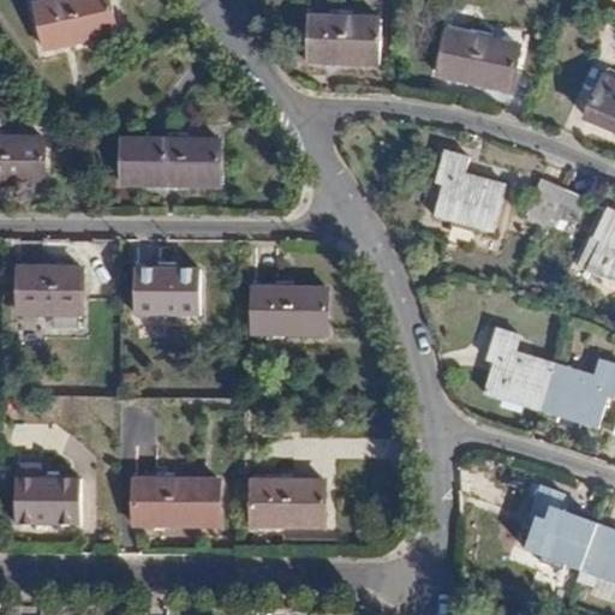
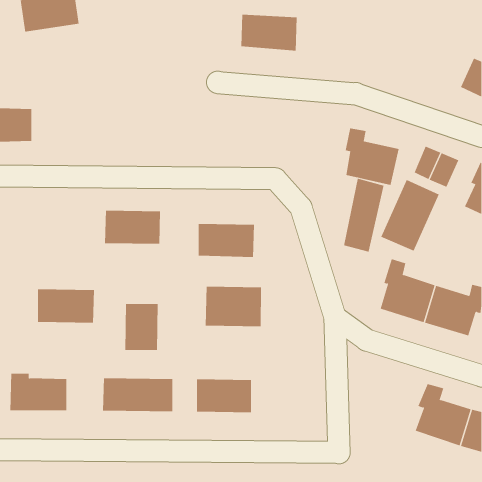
building: [447,35,524,90] -> none
building: [120,135,217,181] -> none
building: none -> [344,178,384,252]
building: none -> [381,179,440,252]
building: [14,265,88,309] -> [37,289,95,323]
building: none -> [205,286,262,327]
building: none -> [125,303,158,351]

